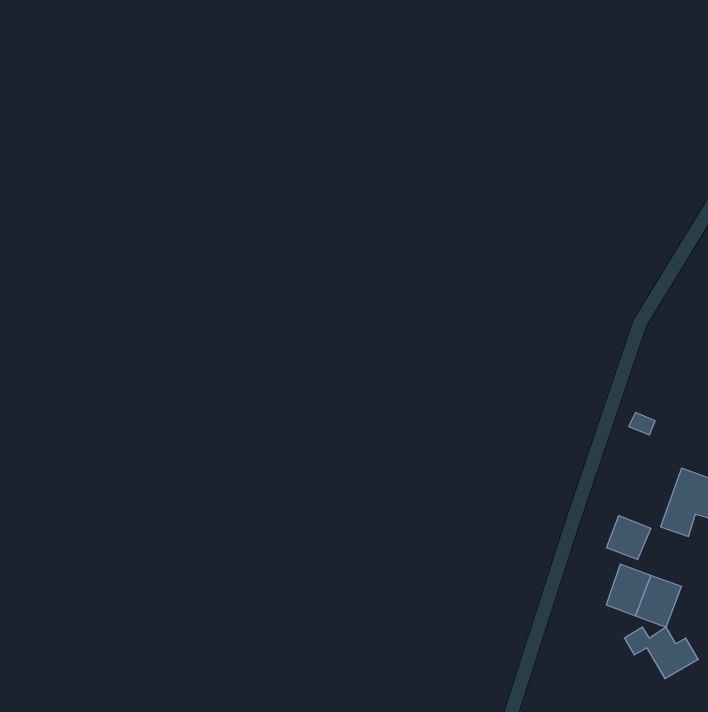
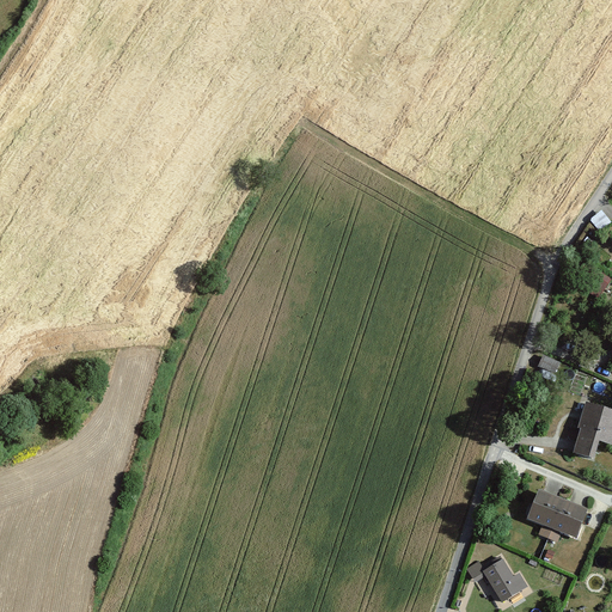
building: [607,516,651,560] -> none
building: [624,627,698,679] -> [467,561,531,605]

